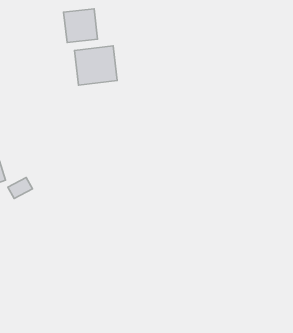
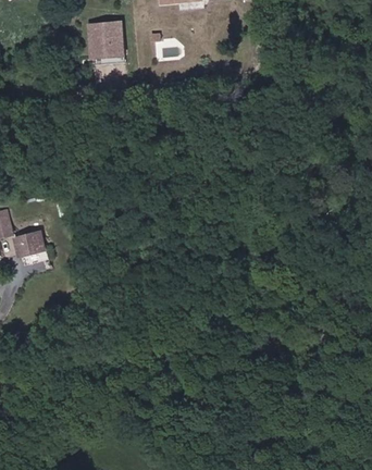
building: [75,46,117,85] -> none

